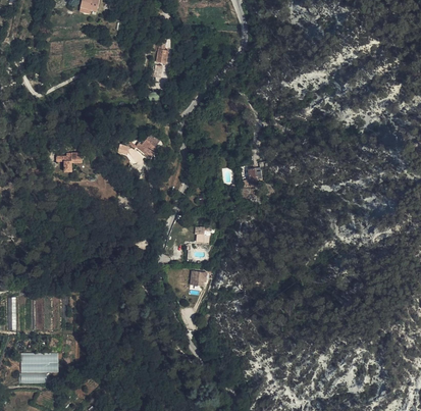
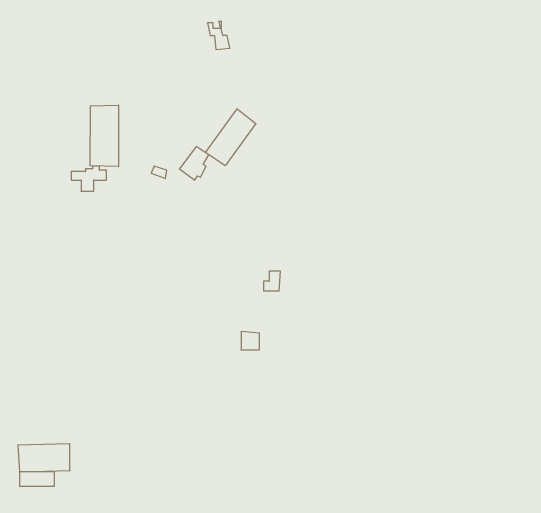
building: none -> [90,105,119,167]
building: none -> [205,109,256,166]

